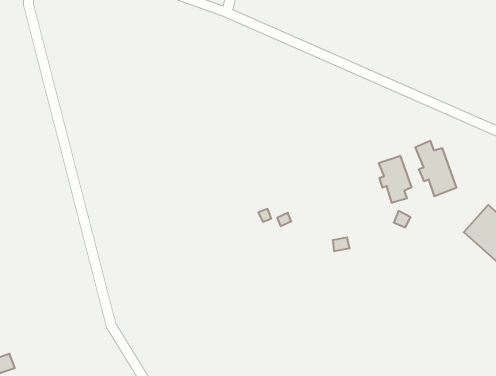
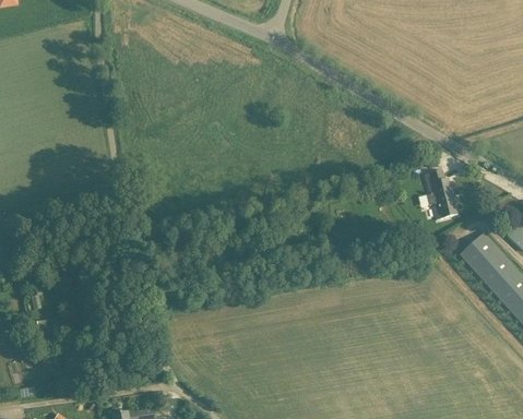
building: [379,156,412,203] -> none

